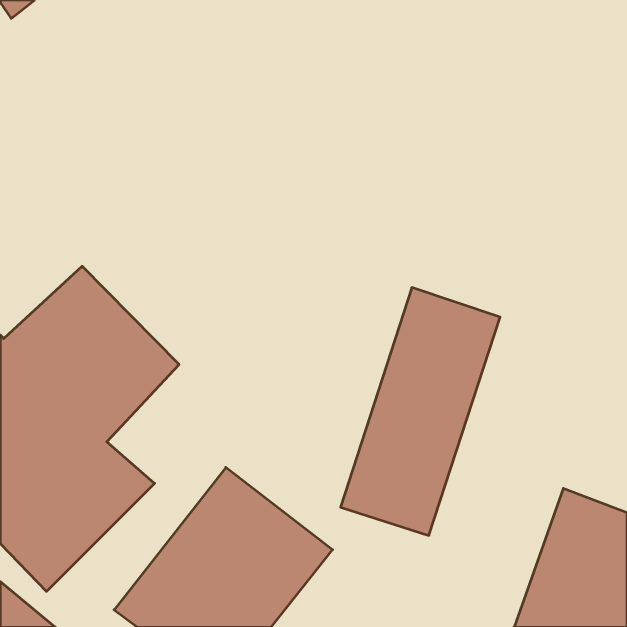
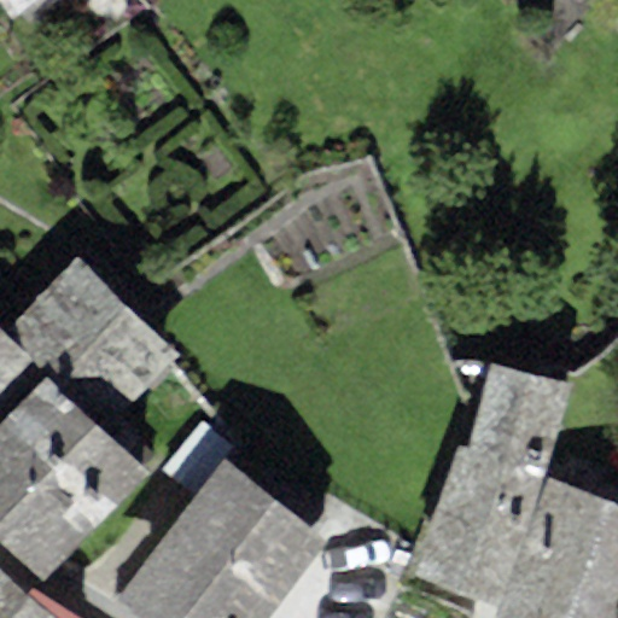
building: [341,288,500,535] -> [414,361,571,605]

